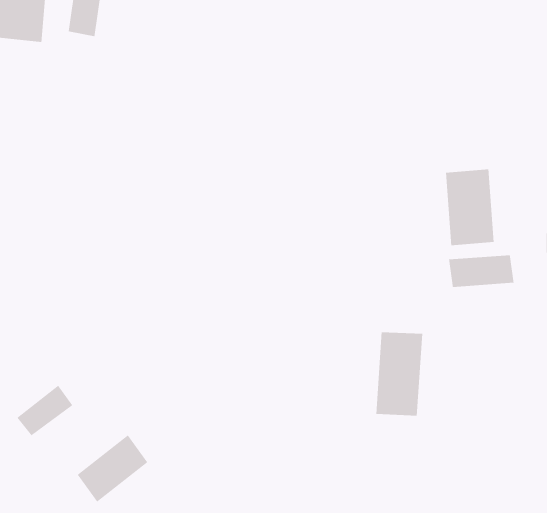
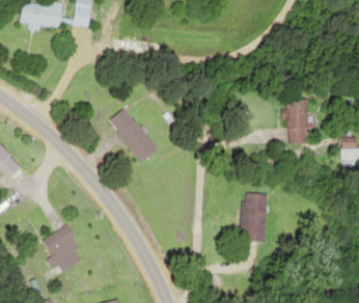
building: none -> [108,108,161,166]
building: [449,254,514,288] -> none
building: [77,435,148,502] -> [46,237,86,275]

